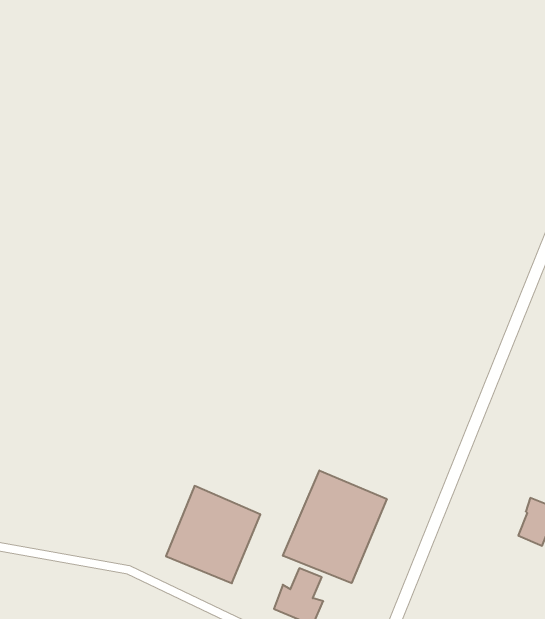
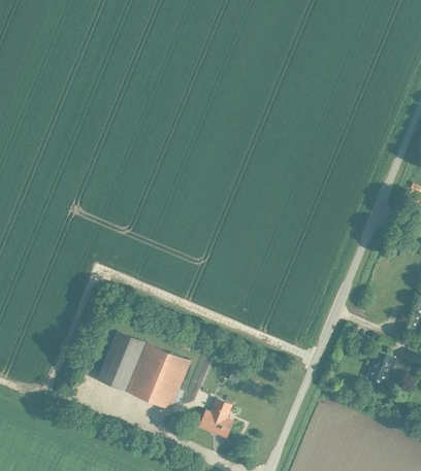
building: [283,470,387,583] -> none
building: none -> [97,331,144,390]

